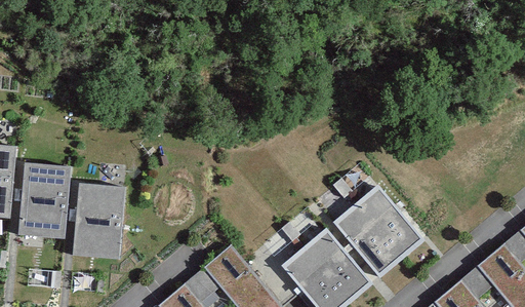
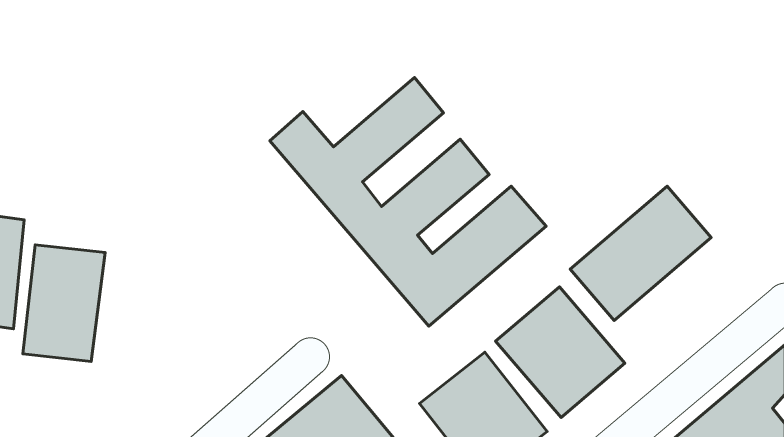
building: none -> [270,78,546,326]
building: none -> [570,186,711,321]
building: [73,188,128,265] -> none

